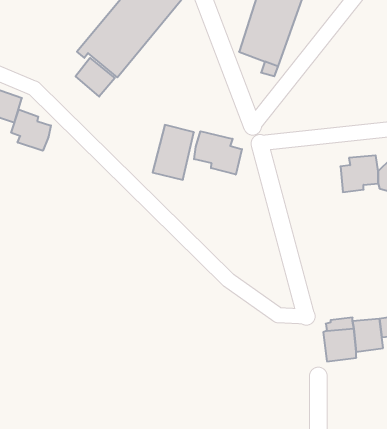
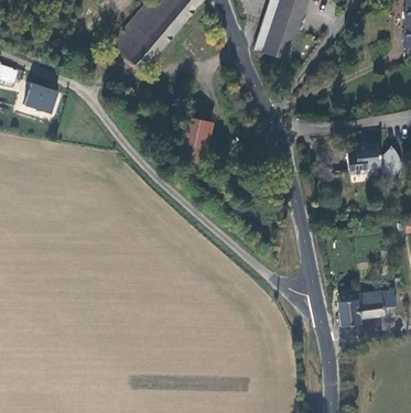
building: [76,58,115,97] -> none
building: [11,110,51,151] -> none
building: [194,131,242,175] -> none

